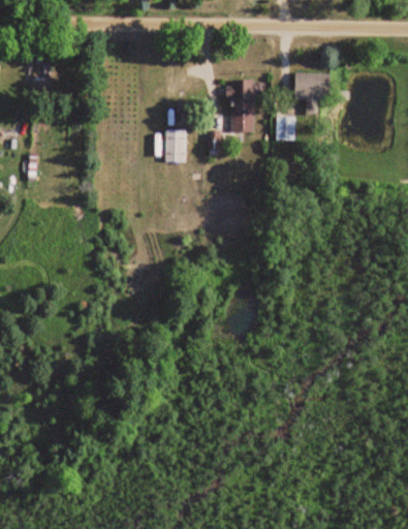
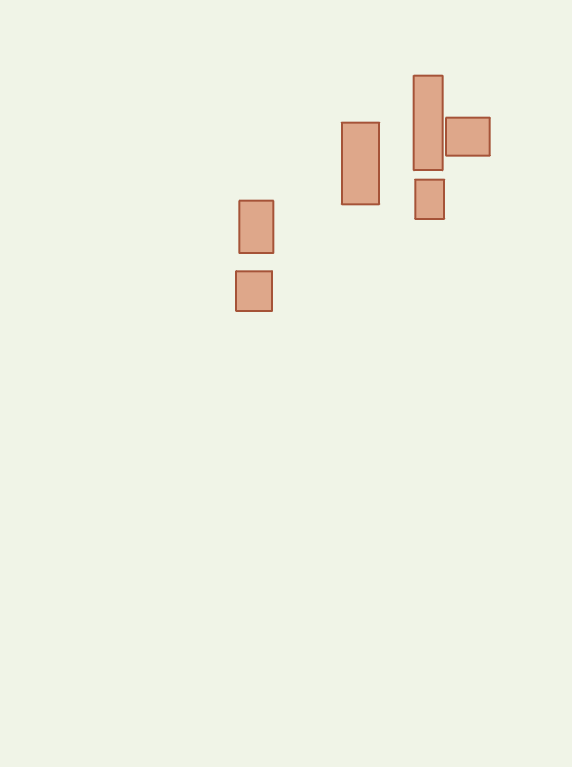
building: none -> [414,76,442,170]
building: none -> [236,271,272,311]

